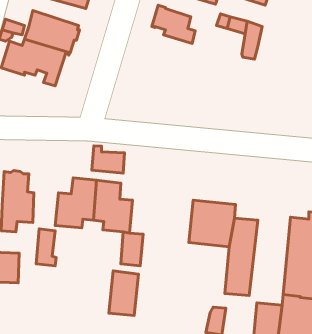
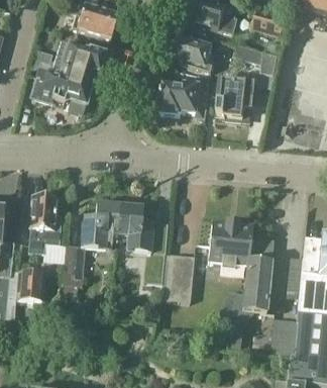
building: none -> [160,75,211,119]
building: none -> [217,77,257,118]
building: [92,146,124,173] -> none
building: [109,271,138,315] -> [167,259,195,301]

